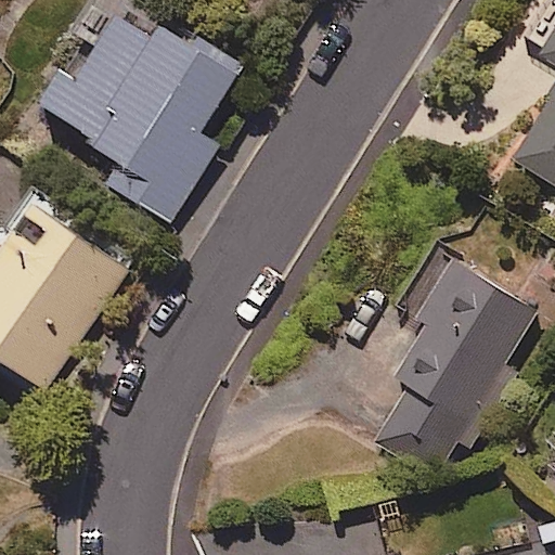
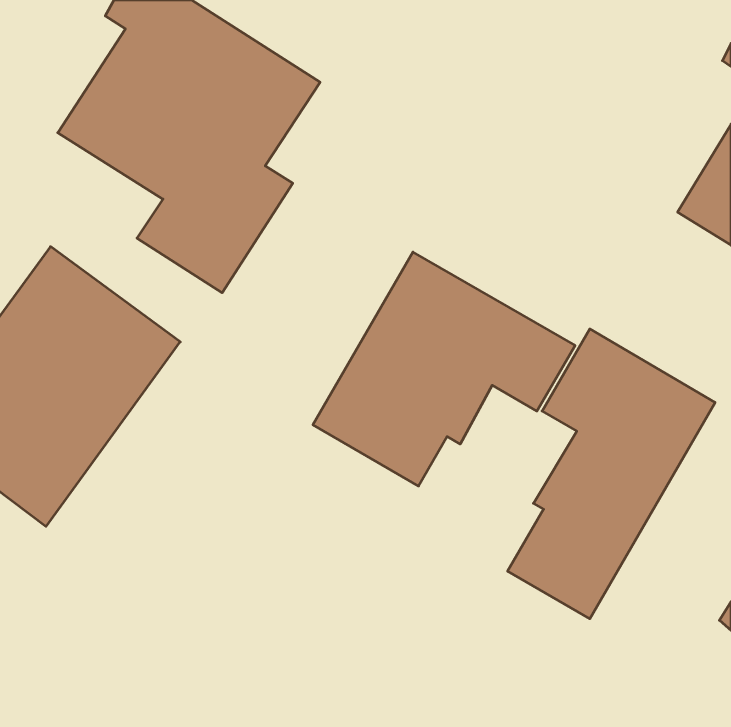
building: none -> [313,252,575,486]

